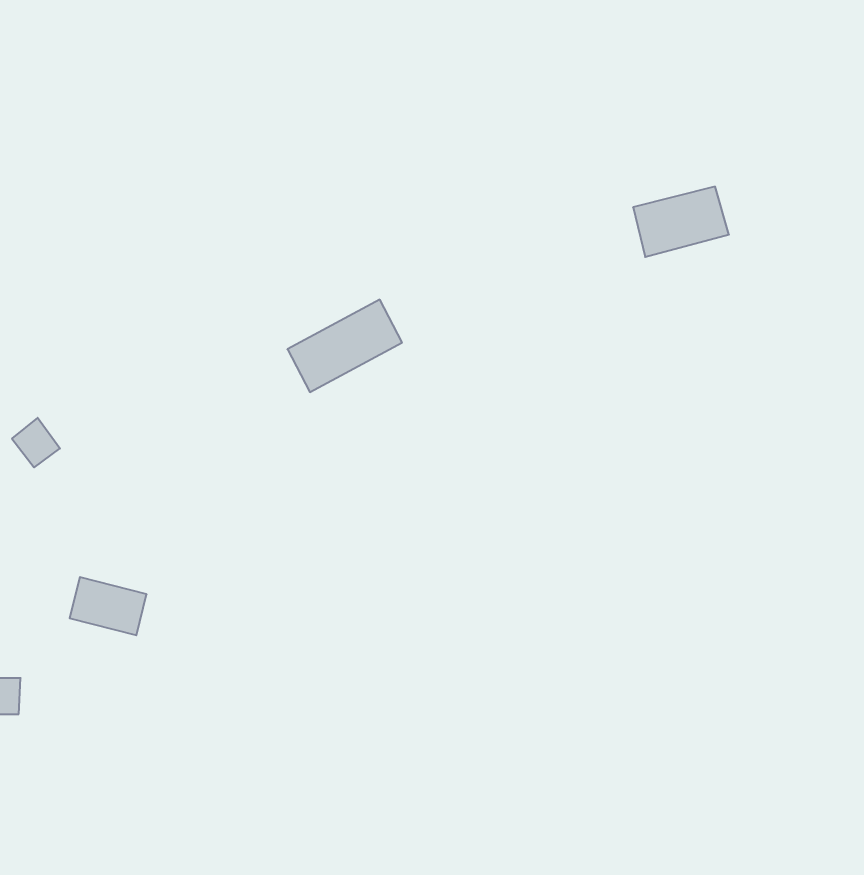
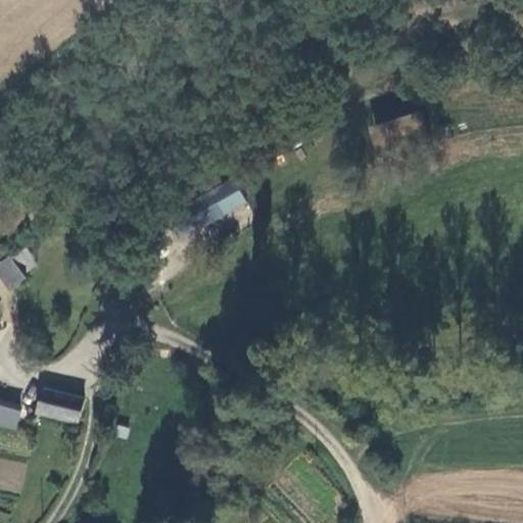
building: [70,577,147,635] -> [37,389,83,424]

